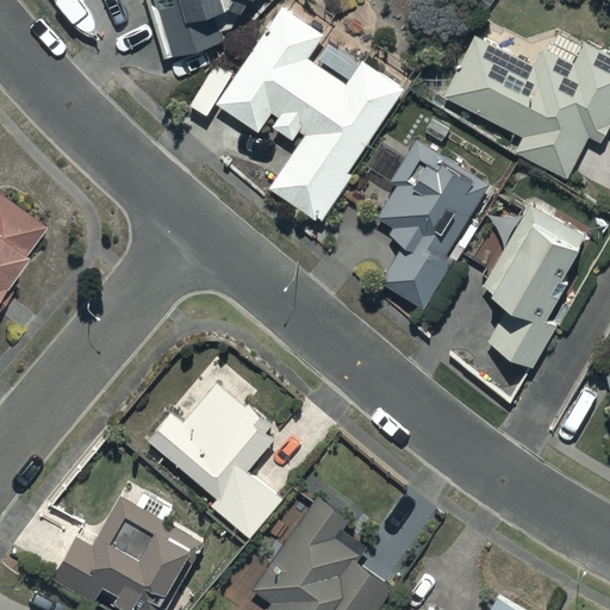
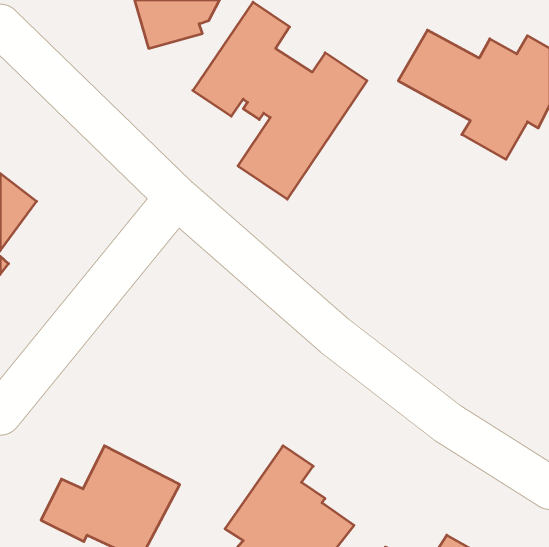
building: [375,141,488,310] -> none
building: [480,198,597,369] -> none
building: [145,380,282,542] -> none

